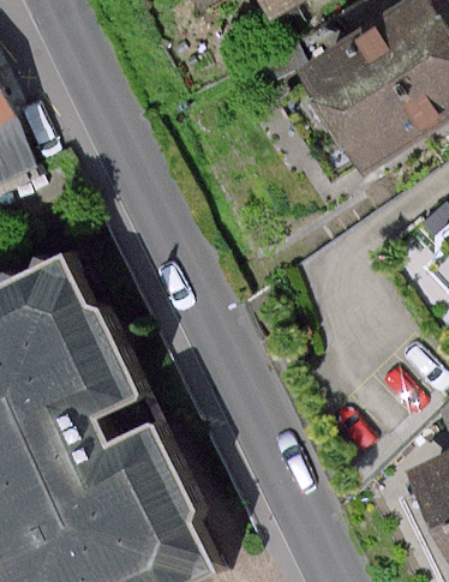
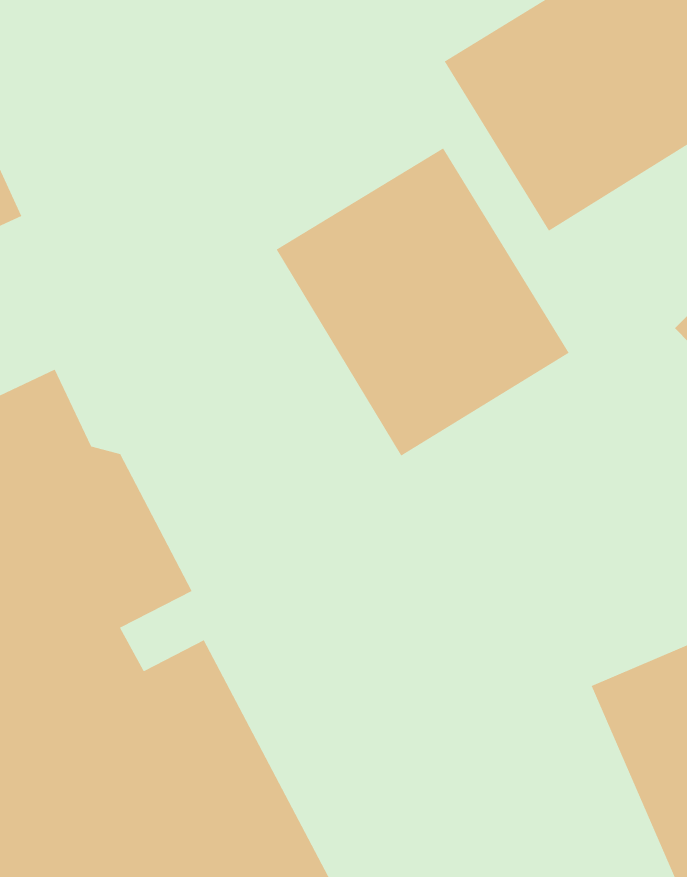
building: none -> [276,148,569,456]

